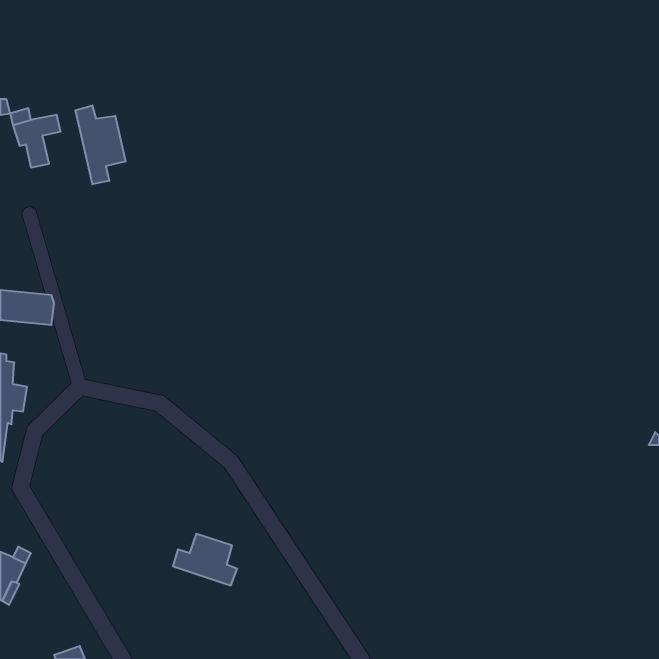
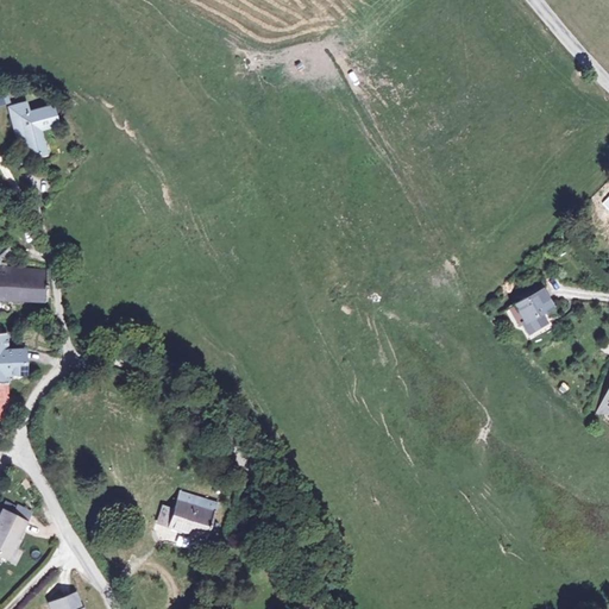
building: [75,105,125,184] -> none
building: none -> [511,284,552,331]

